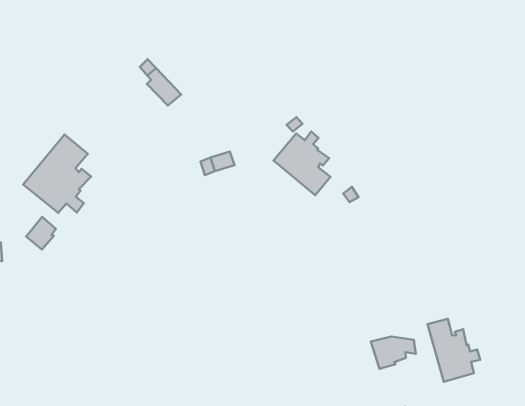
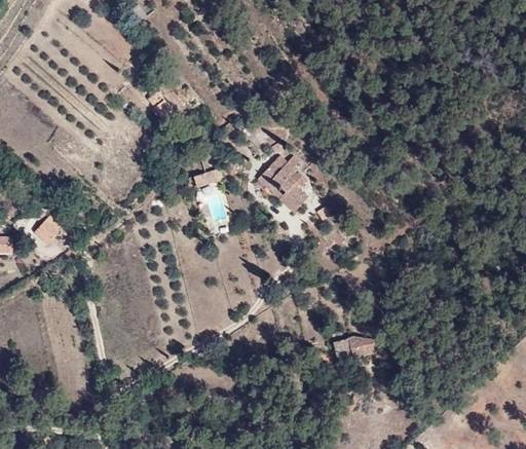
building: [23,135,91,213] -> none
building: [428,319,480,382] -> none

